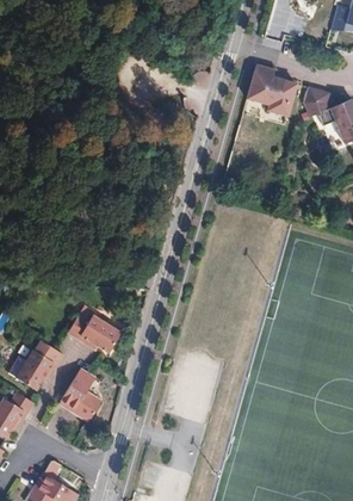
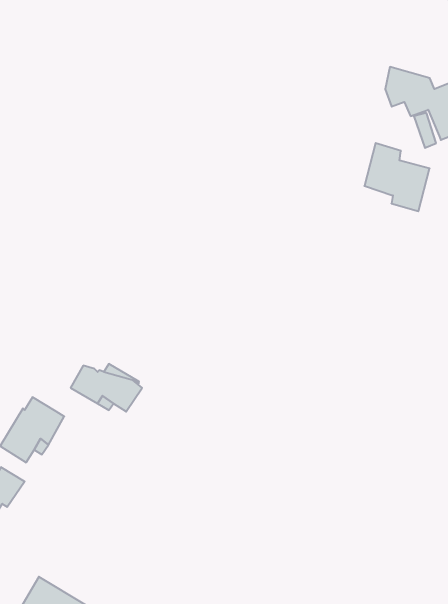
building: [248,66,297,117] -> [364,143,430,211]
building: [61,365,103,418] -> none

